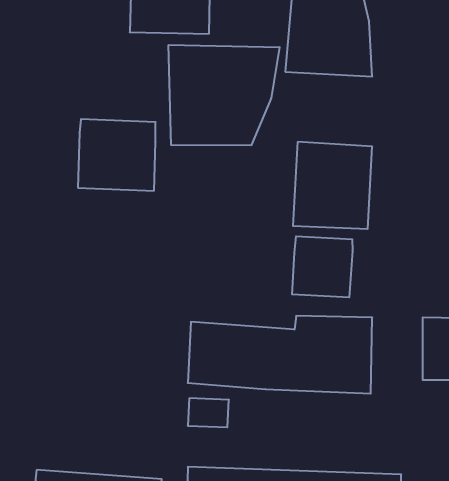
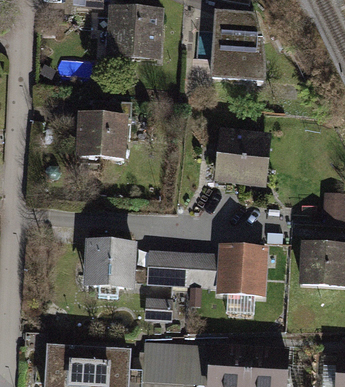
building: [169,45,280,145] -> none
building: [292,236,352,297] -> none
building: none -> [83,235,139,288]

